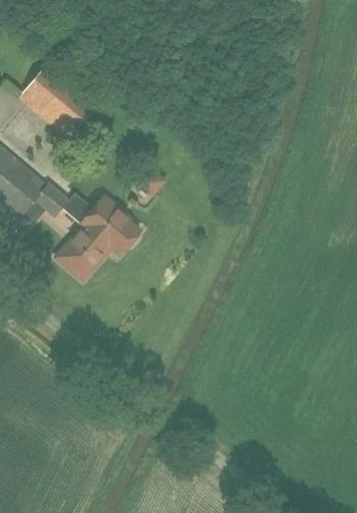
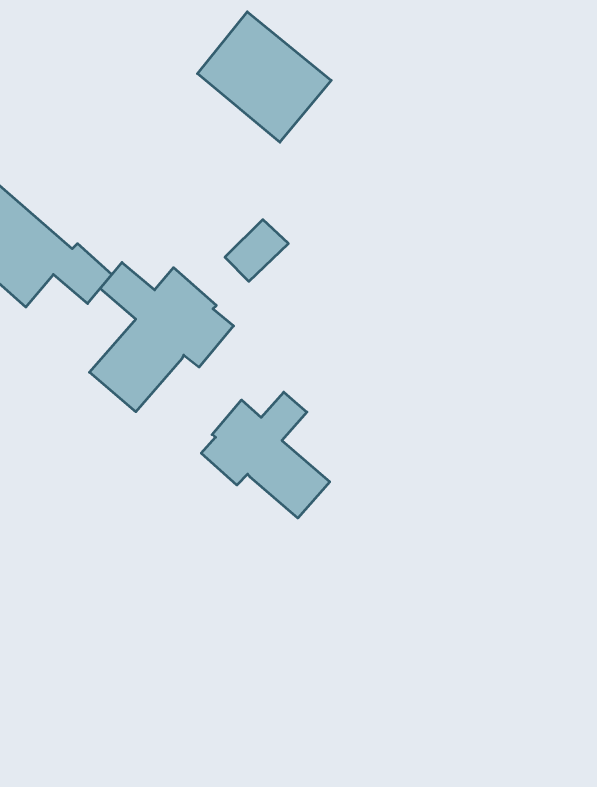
building: [19,61,97,137] -> [197,12,331,142]
building: none -> [201,392,330,518]

